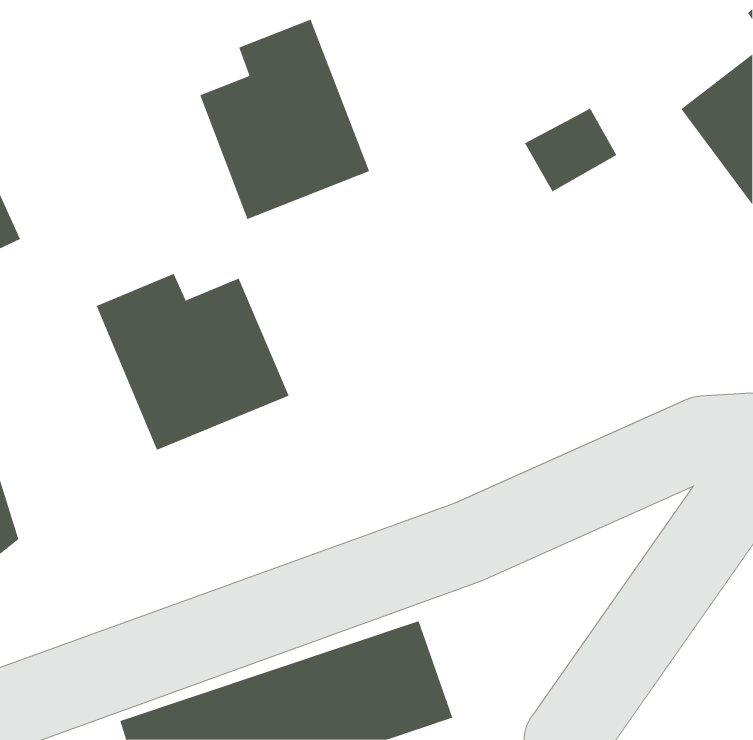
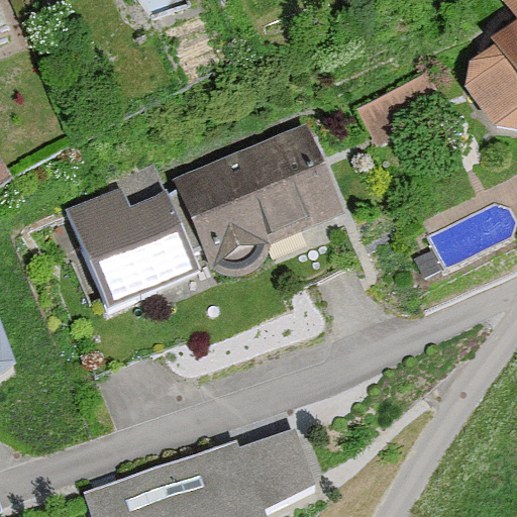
building: [200,19,370,220] -> none
building: none -> [185,128,342,272]

